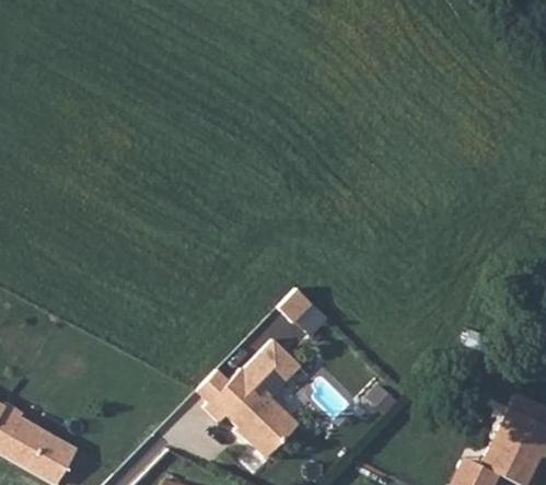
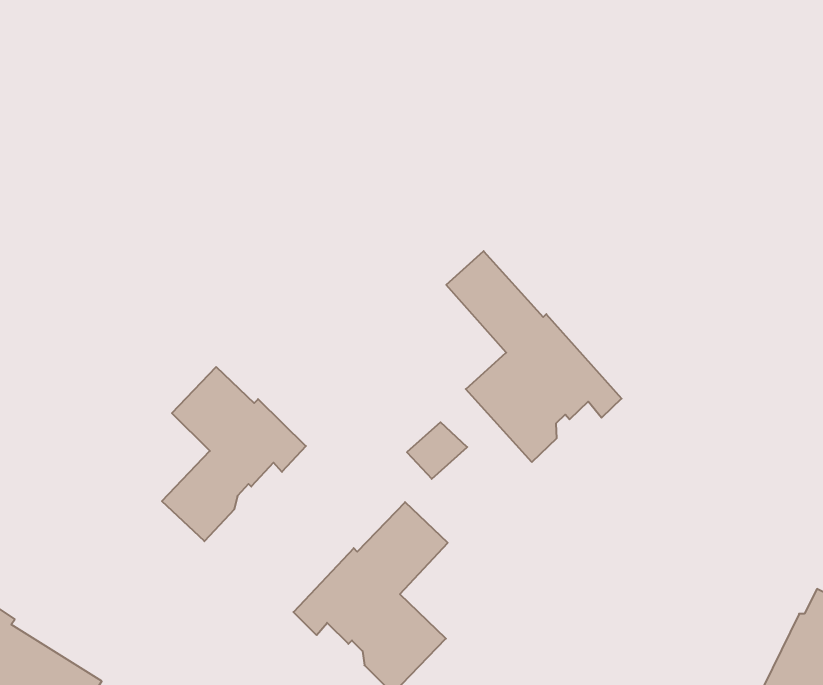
building: none -> [446,251,622,462]
building: none -> [162,367,306,541]

